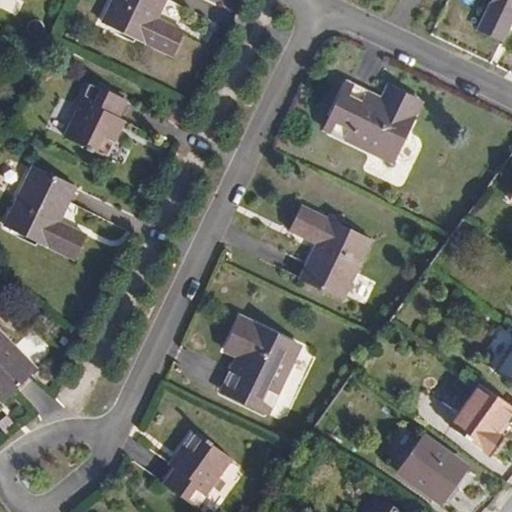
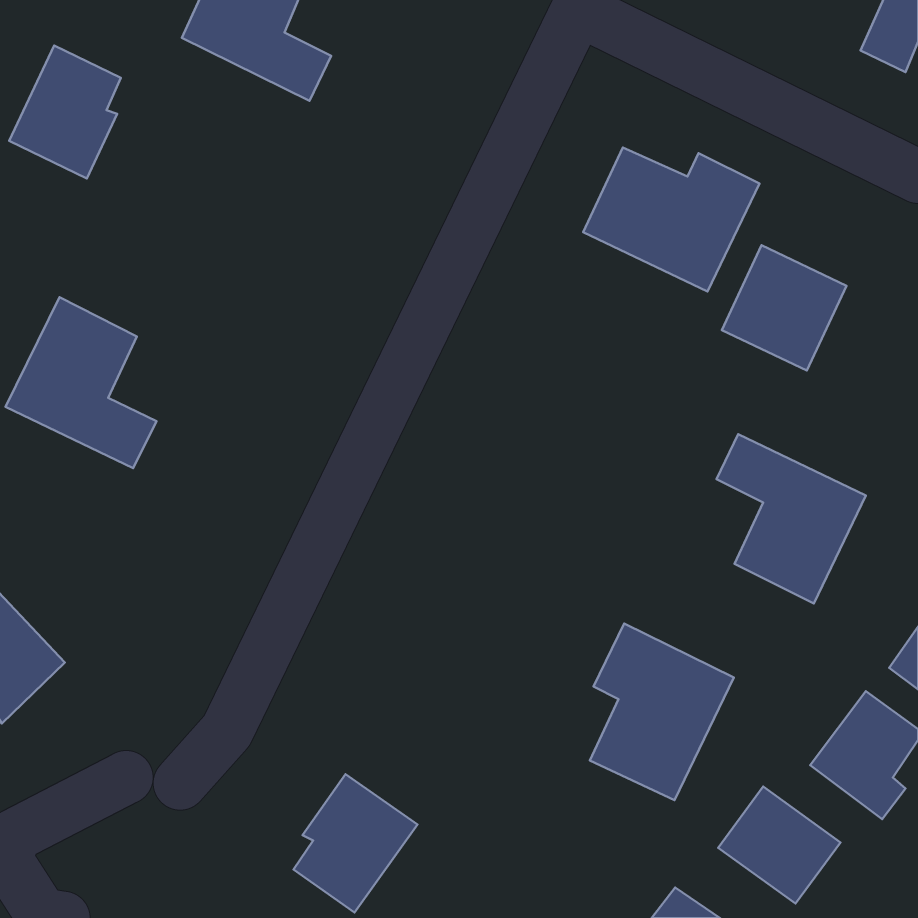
building: [64,83,126,157] -> [9,45,121,179]
building: none -> [722,245,846,371]
building: [289,205,372,299] -> [716,434,866,603]
building: [221,315,301,413] -> [590,624,734,800]

